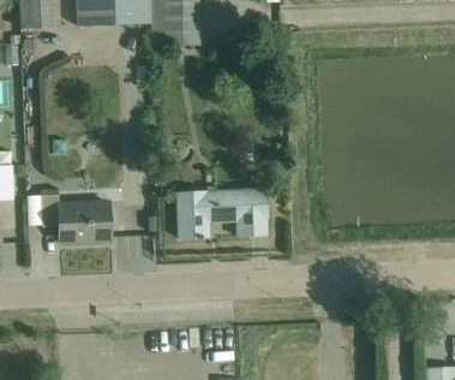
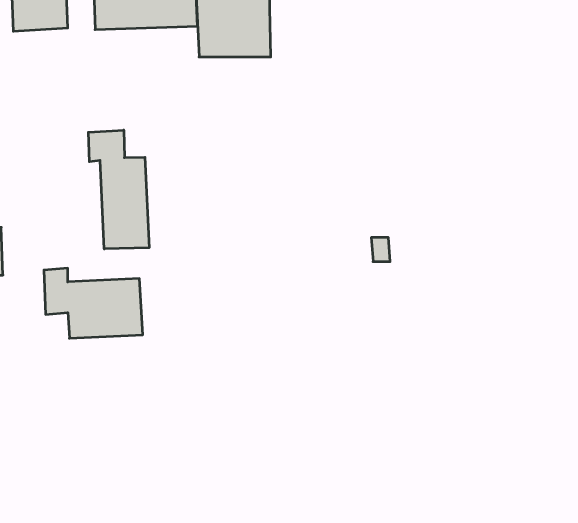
building: none -> [88,130,149,249]
building: [179,189,268,237] -> none

